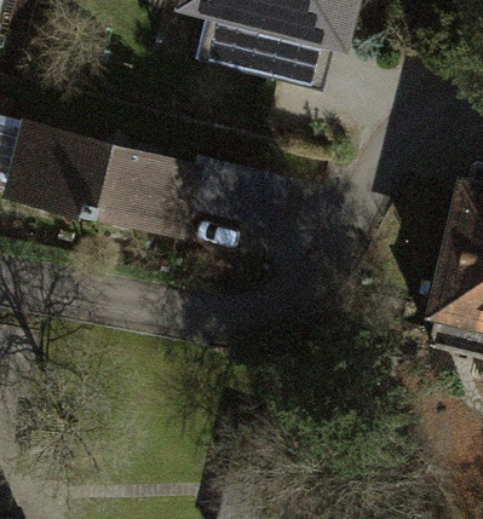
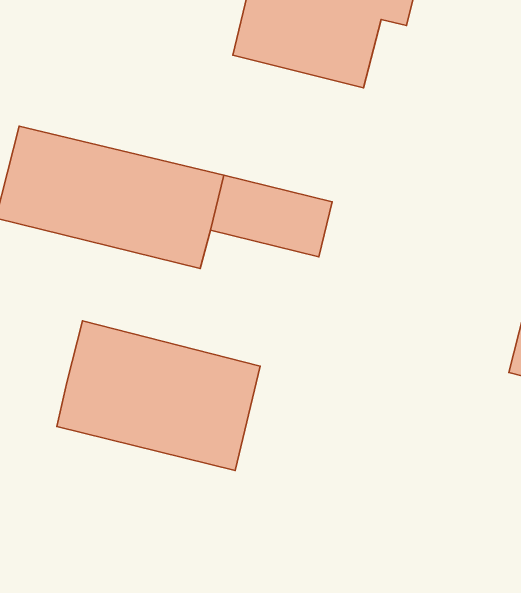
building: none -> [57,321,260,470]

